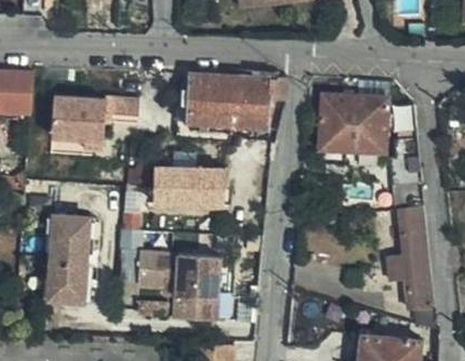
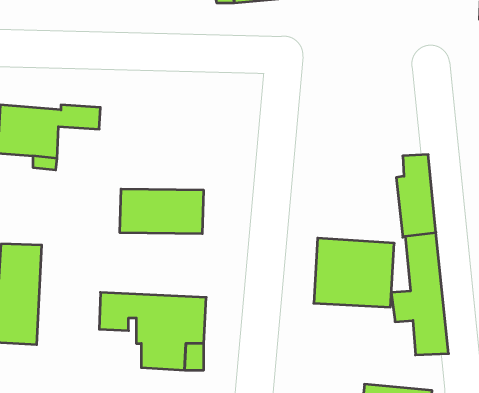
building: [183,72,284,129] -> none
building: [319,94,388,154] -> [314,238,394,307]

